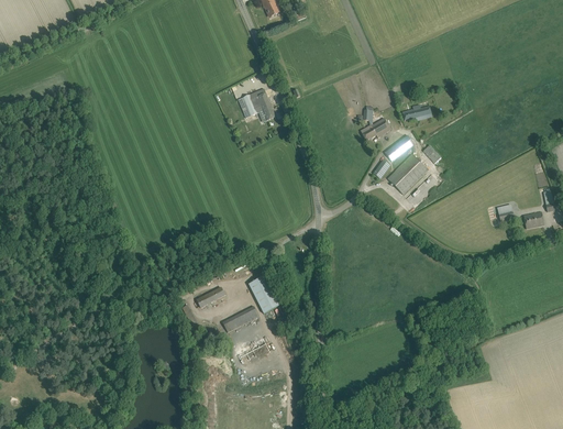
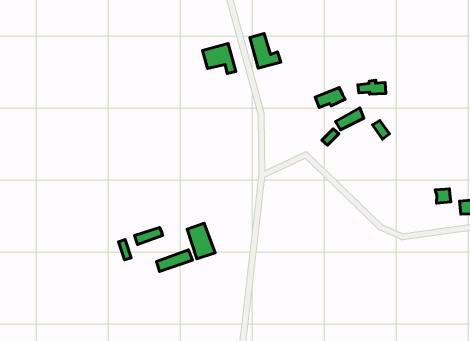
building: none -> [250,34,281,68]
building: [387,154,427,195] -> none

